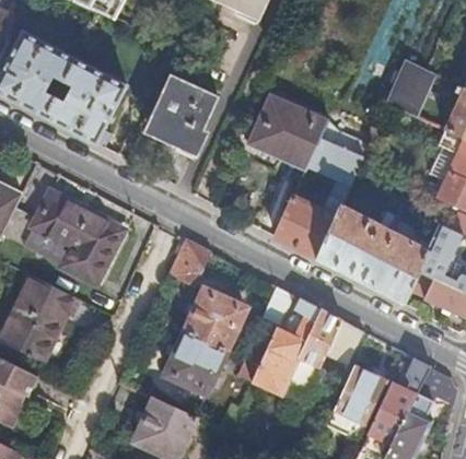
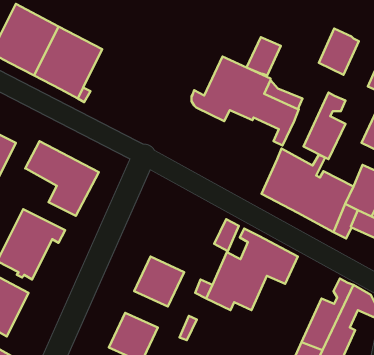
building: none -> [247,37,281,76]
building: [144,74,217,151] -> none
building: none -> [304,92,346,159]
building: [275,195,336,257] -> none
building: [24,226,71,267] -> none
building: [168,240,209,286] -> none
building: [184,291,243,351] -> none
building: [333,365,385,425] -> none

